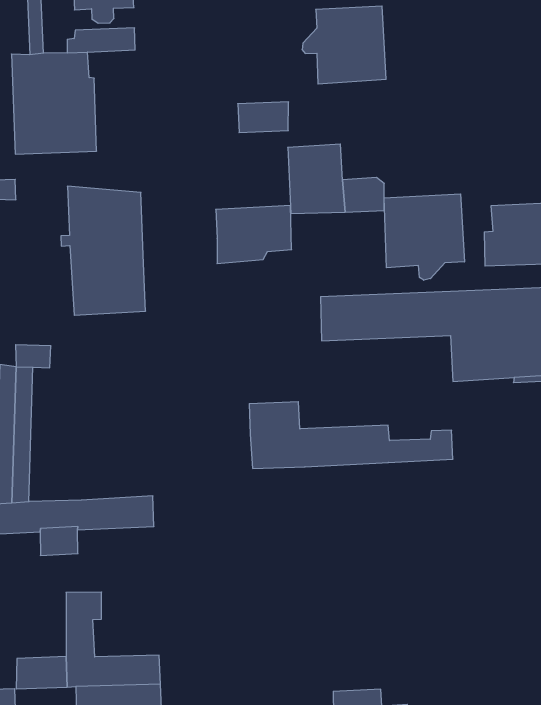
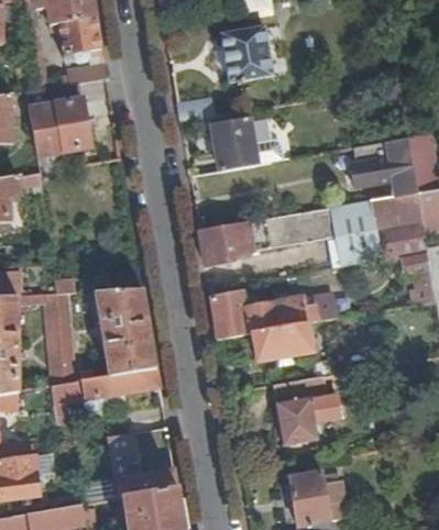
building: [61,186,146,315] -> [95,289,156,375]
building: [384,194,464,280] -> none
building: [216,206,292,264] -> [200,222,253,266]
building: none -> [253,324,312,362]
building: none -> [271,376,333,445]

